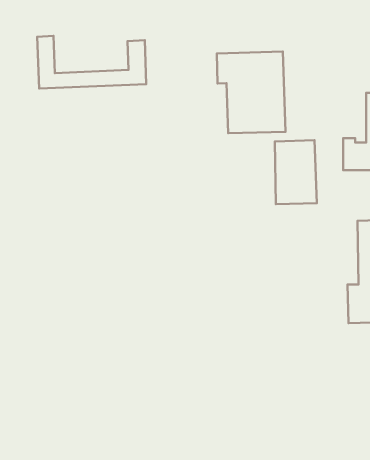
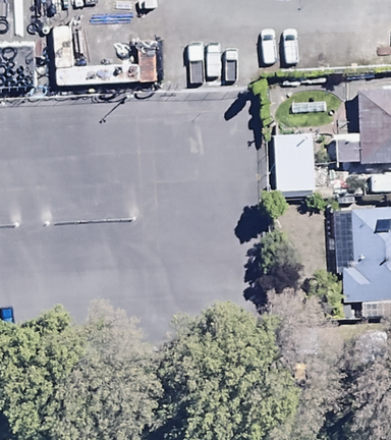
building: [217,52,285,133] -> none

